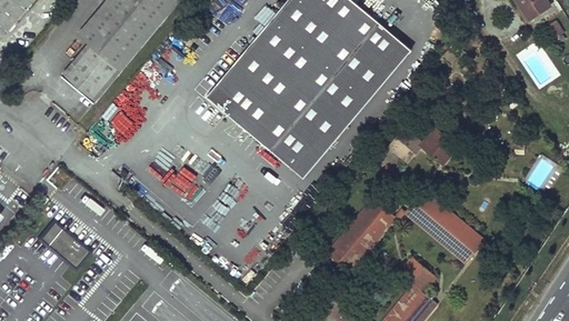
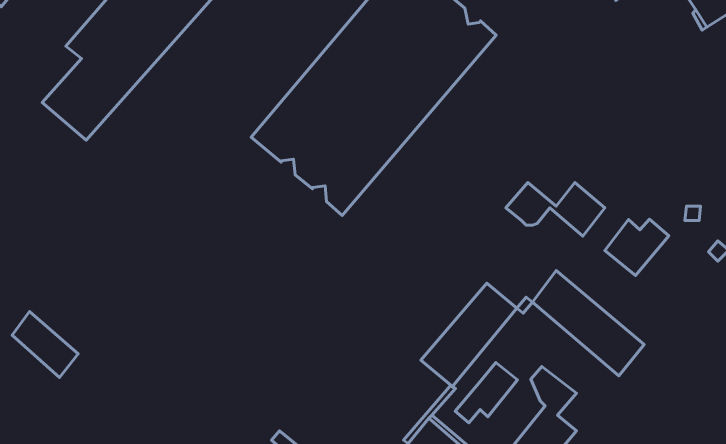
building: [271,26,411,180] -> none
building: none -> [605,219,669,276]
building: none -> [455,363,517,423]

